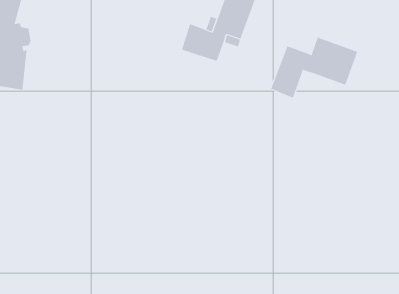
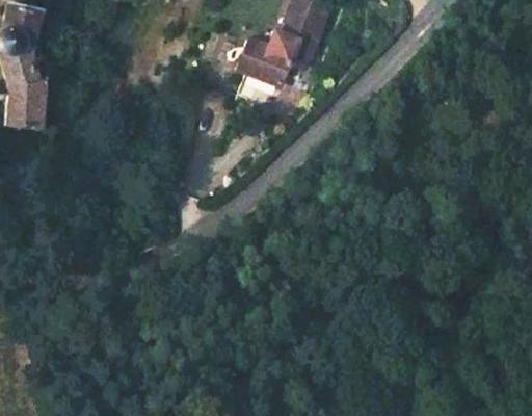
building: [270,37,358,99] -> none

